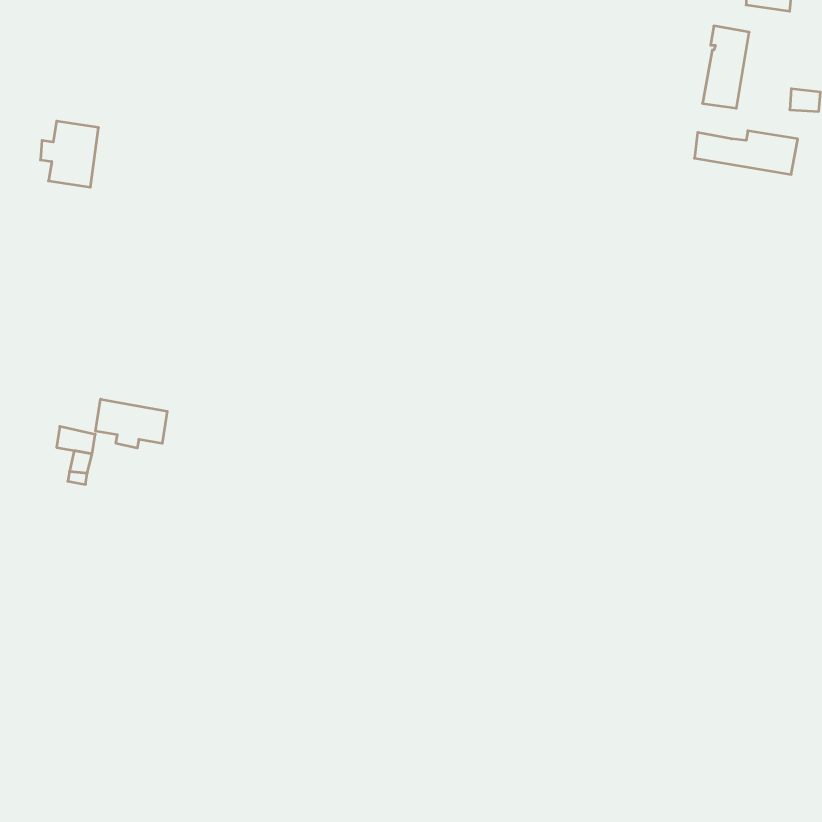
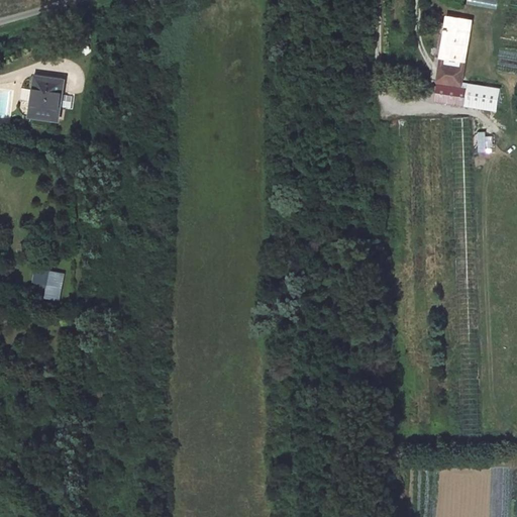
building: none -> [436,65,460,87]
building: [96,399,167,448] -> none

